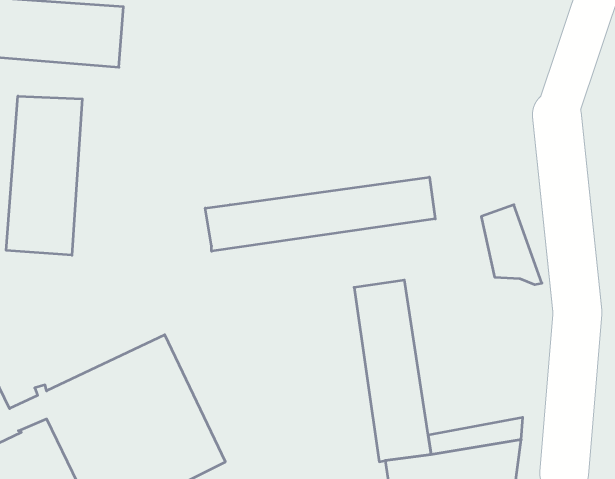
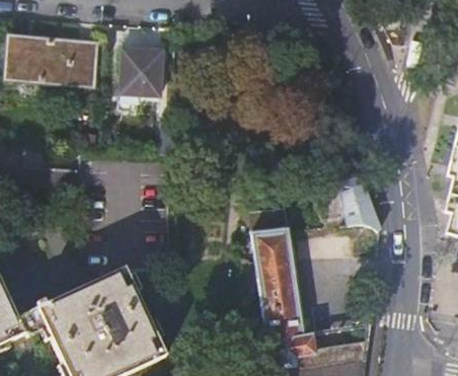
building: none -> [118,48,161,95]
building: [6,96,82,255] -> none
building: [205,177,435,251] -> none

